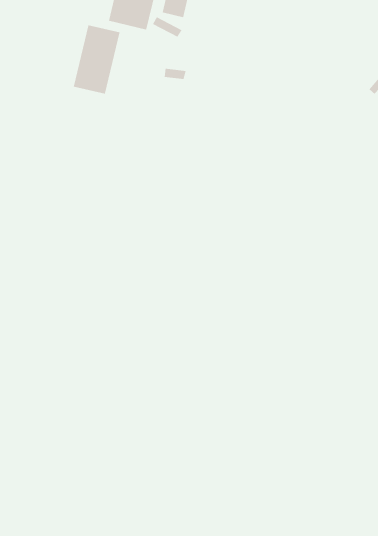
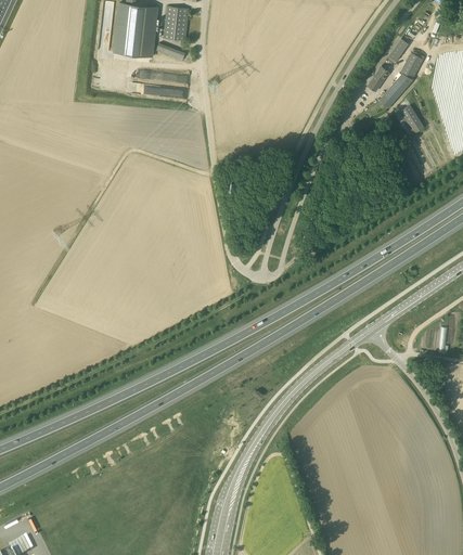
building: [73,24,120,95] -> none

